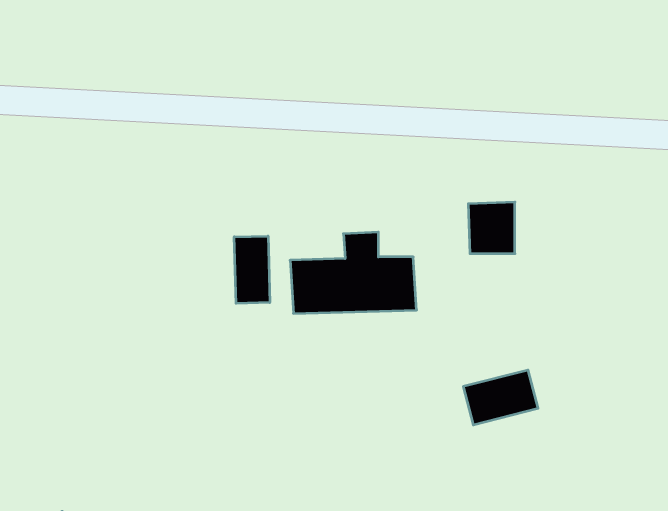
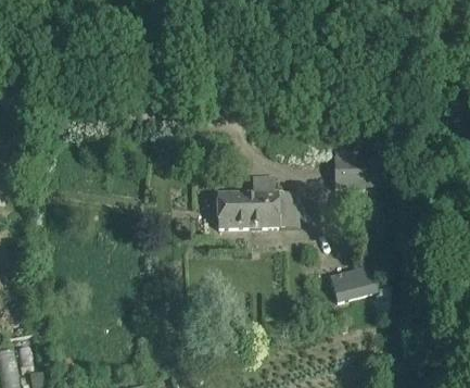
building: [234,236,270,303] -> none

